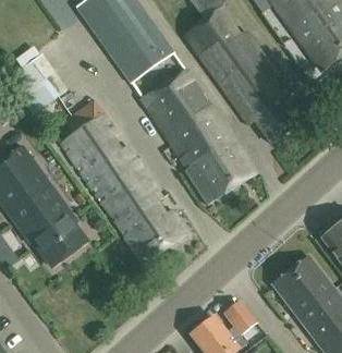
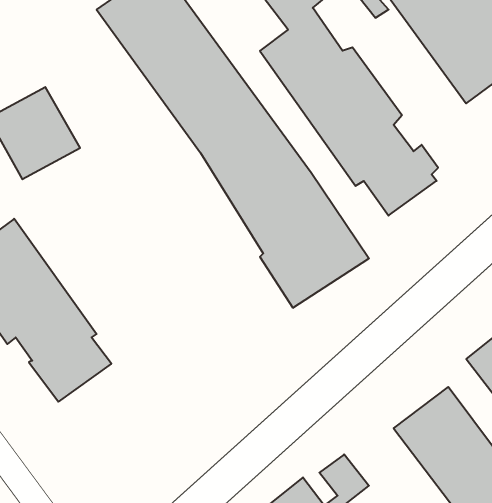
building: [60,100,186,264] -> none

